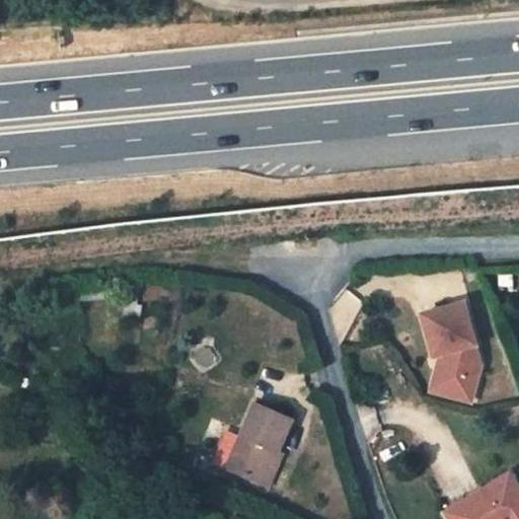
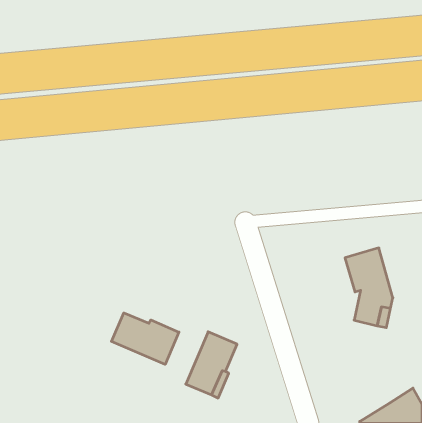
building: none -> [111,313,179,364]

